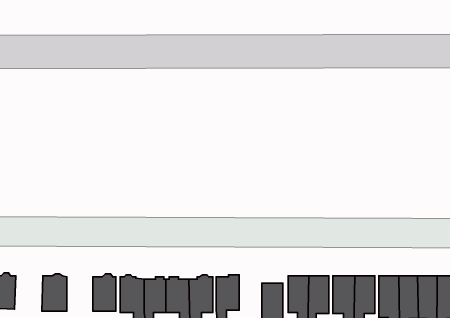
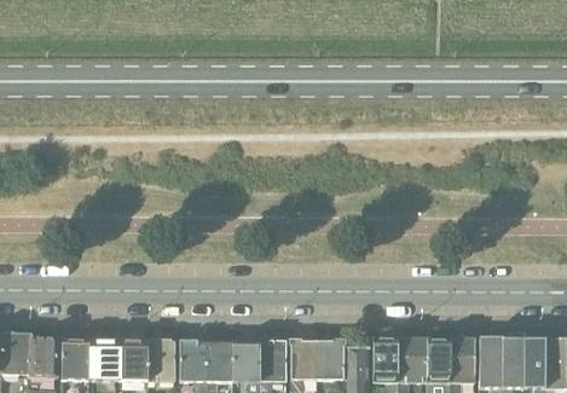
building: none -> [62,336,89,381]
building: none -> [117,337,147,381]
building: none -> [317,339,343,380]

